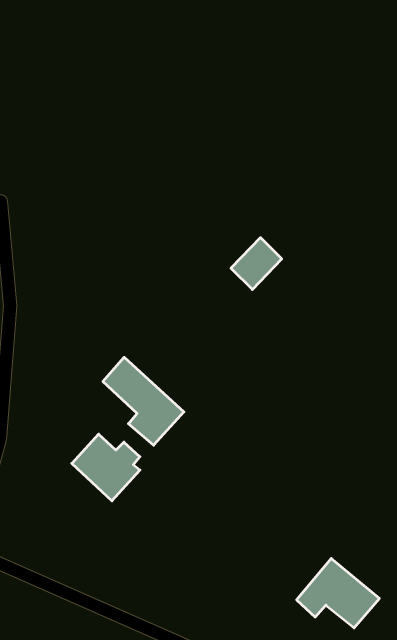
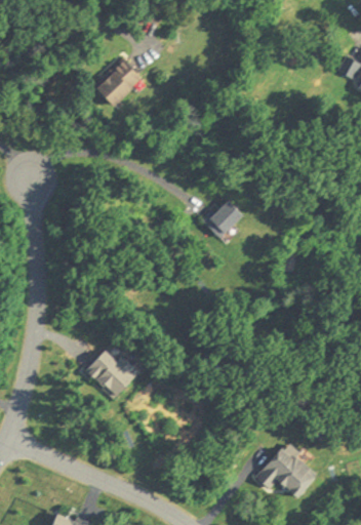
building: none -> [94,60,142,104]
building: [103,357,184,445] -> none

